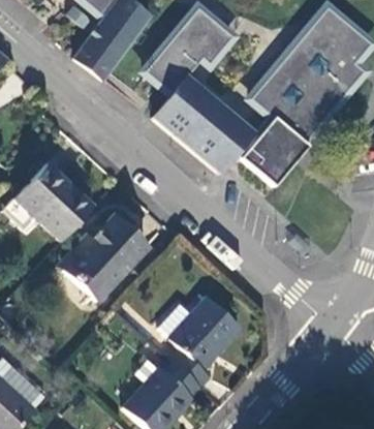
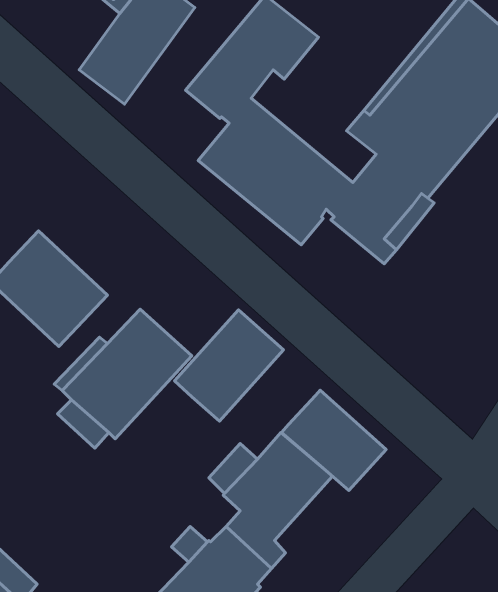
building: none -> [174,310,283,421]
building: none -> [282,390,386,490]

